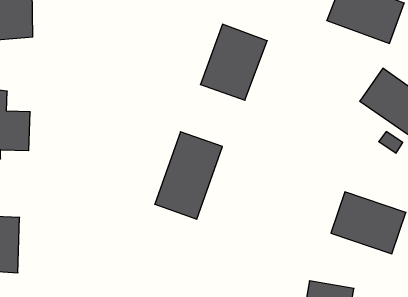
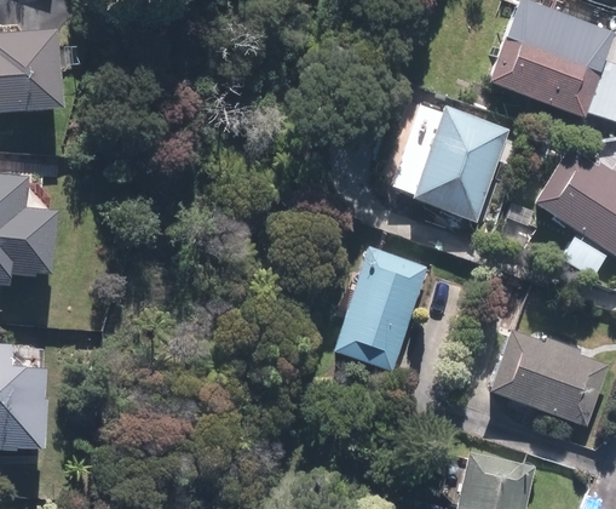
building: [200,24,267,100] -> [411,107,510,218]
building: [155,132,222,219] -> [332,245,431,373]

